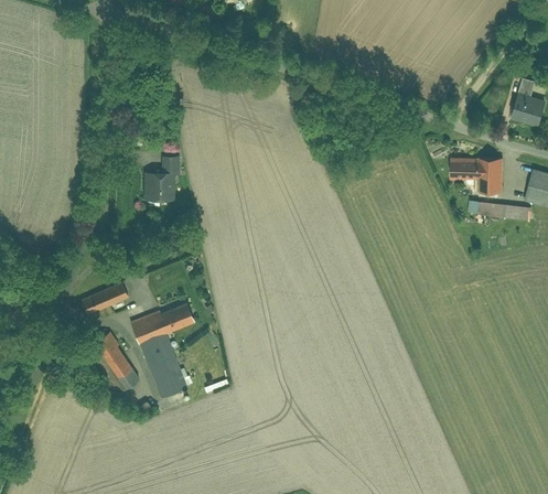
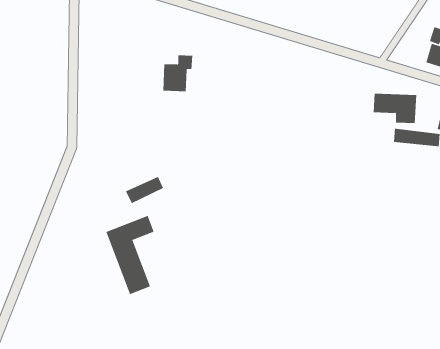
building: [143,158,180,202] -> [163,55,193,92]
building: [79,284,126,318] -> [125,176,164,204]
building: [94,335,137,388] -> none

